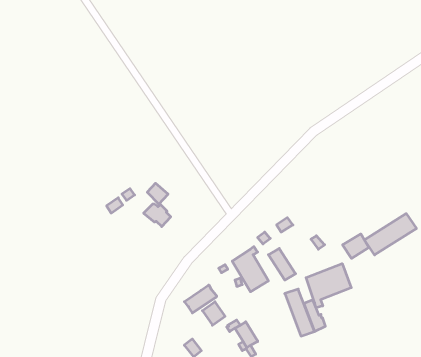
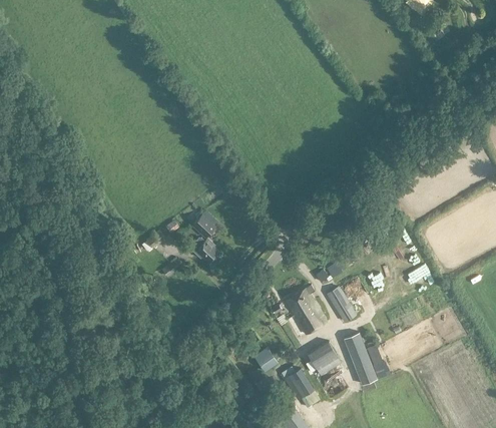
building: [364,214,416,255] -> none
building: [306,264,351,308] -> none
building: [184,285,217,313] -> none
building: none -> [306,342,341,375]

